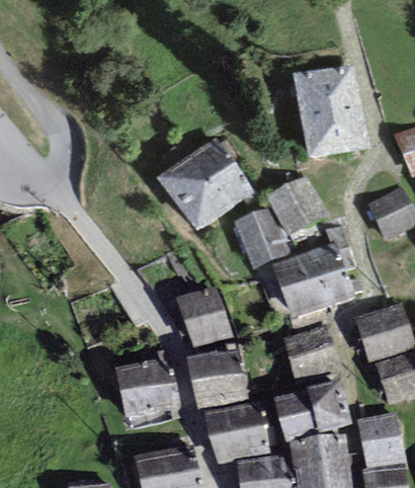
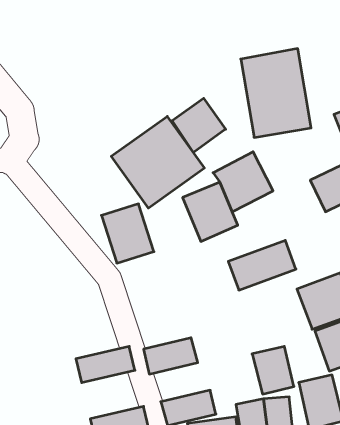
building: none -> [172,98,226,152]
building: [272,241,342,290] -> none
building: [177,286,233,348] -> [101,204,154,263]
building: [281,322,341,384] -> none
building: [185,348,242,383] -> none
building: [114,355,176,393] -> none
building: [274,388,319,441] -> none
building: [203,401,262,438] -> none

